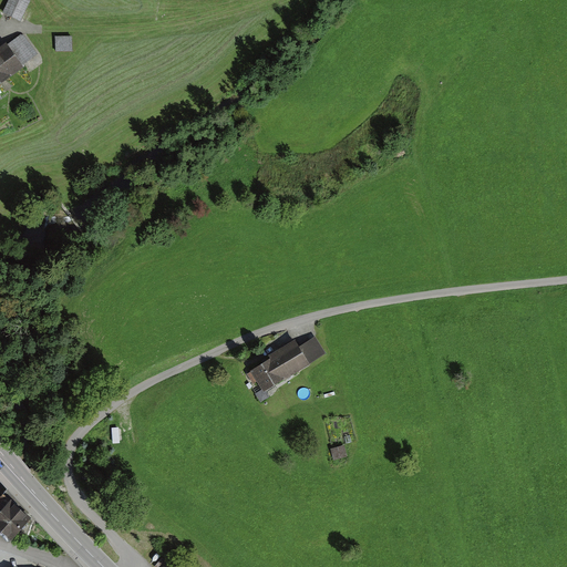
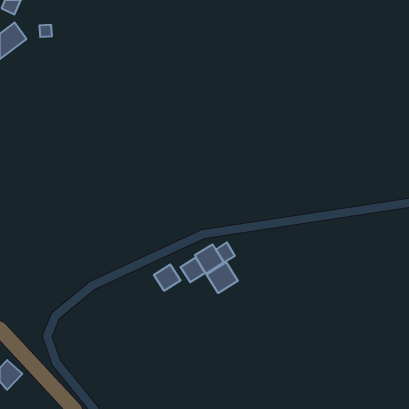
building: none -> [206,262,238,293]
building: none -> [154,264,180,291]

